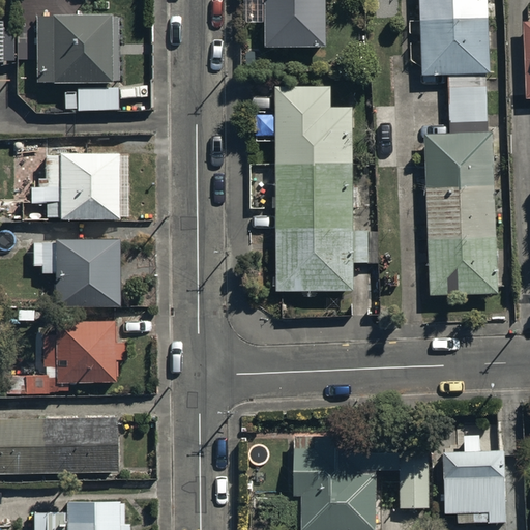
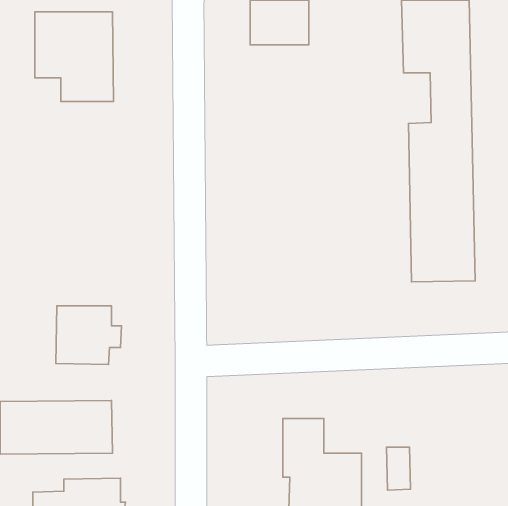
building: [272,84,369,287] -> none
building: [45,151,122,218] -> none
building: [38,237,120,307] -> none
building: [441,440,505,524] -> none

